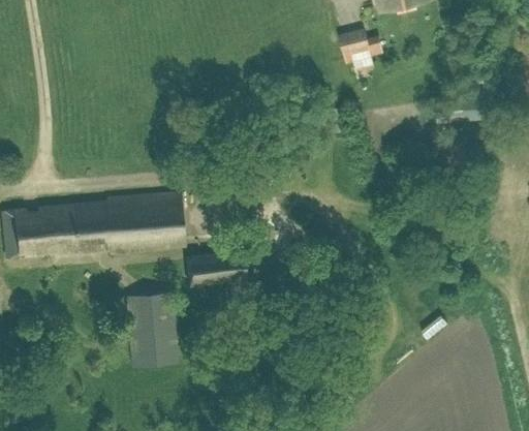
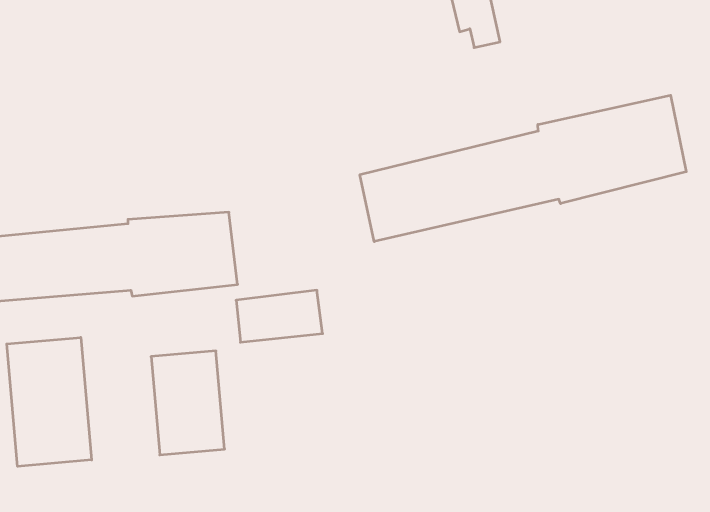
building: none -> [360,95,686,242]
building: none -> [7,337,92,466]

